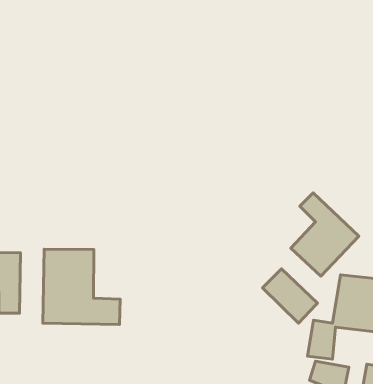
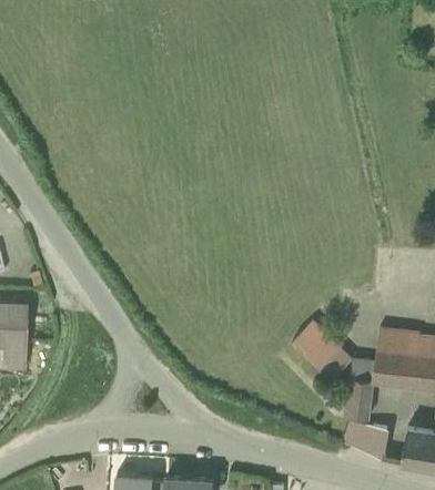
building: [291,193,359,276] -> none
building: [43,249,120,325] -> none

